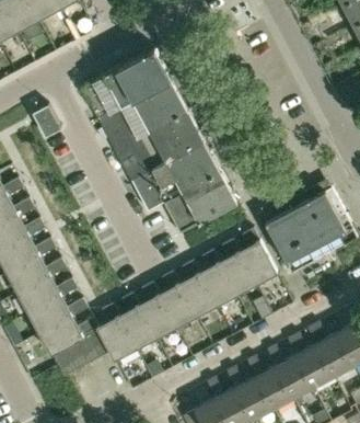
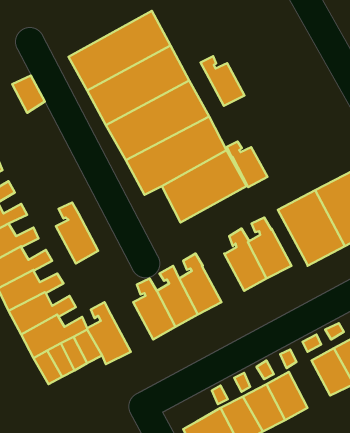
building: none -> [200,56,245,106]
building: none -> [227,142,268,187]
building: [198,252,235,306] -> none
building: [118,296,155,350] -> [56,202,98,263]
building: [275,357,311,399] -> none

